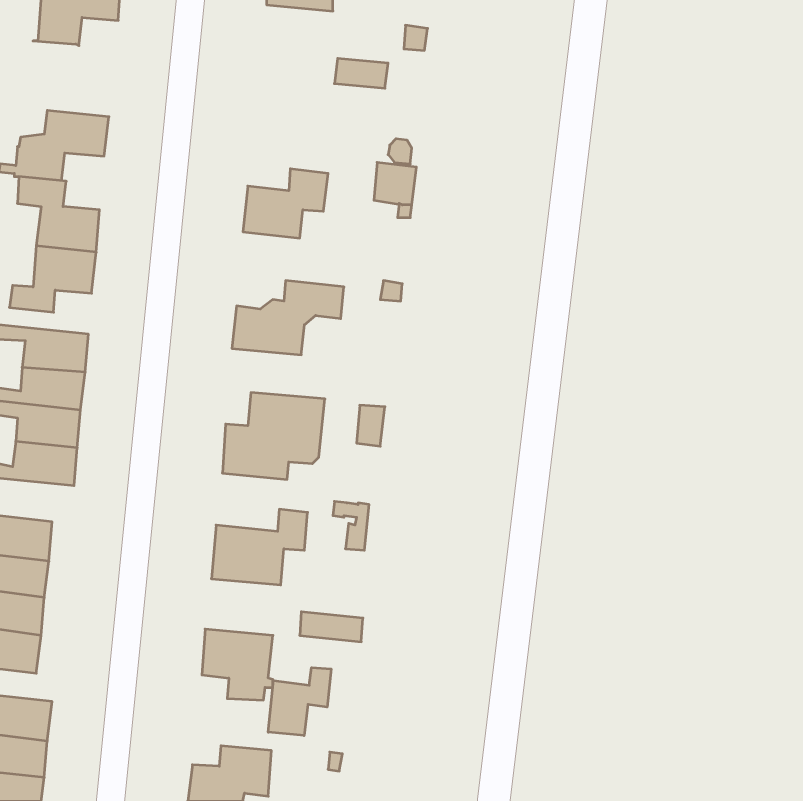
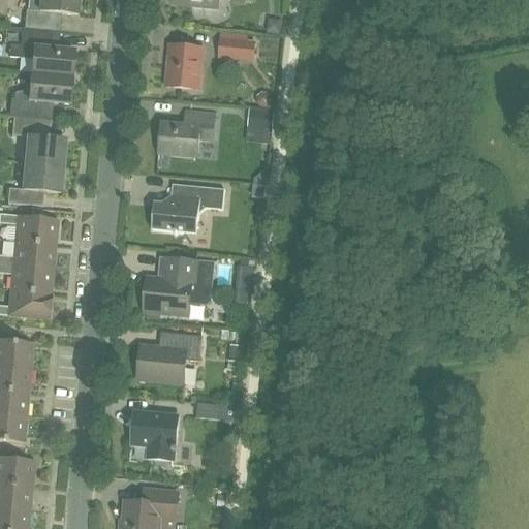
building: none -> [7,27,73,76]
building: none -> [166,44,204,89]
building: [268,668,331,736] -> none

